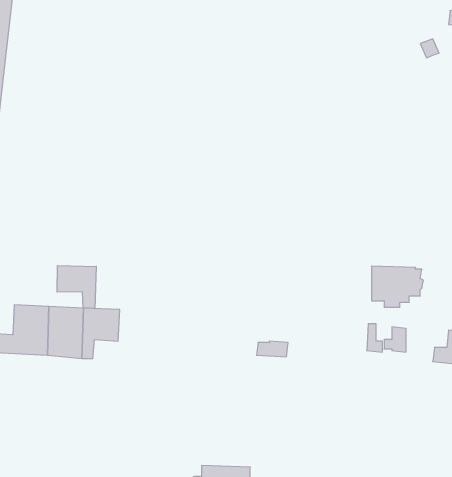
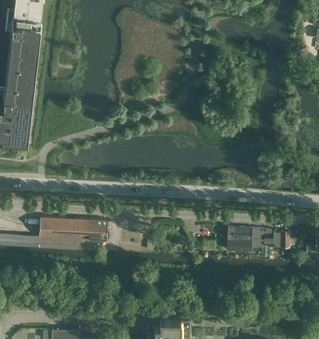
building: [57,266,96,309] -> none
building: [372,266,423,307] -> [226,228,259,254]

